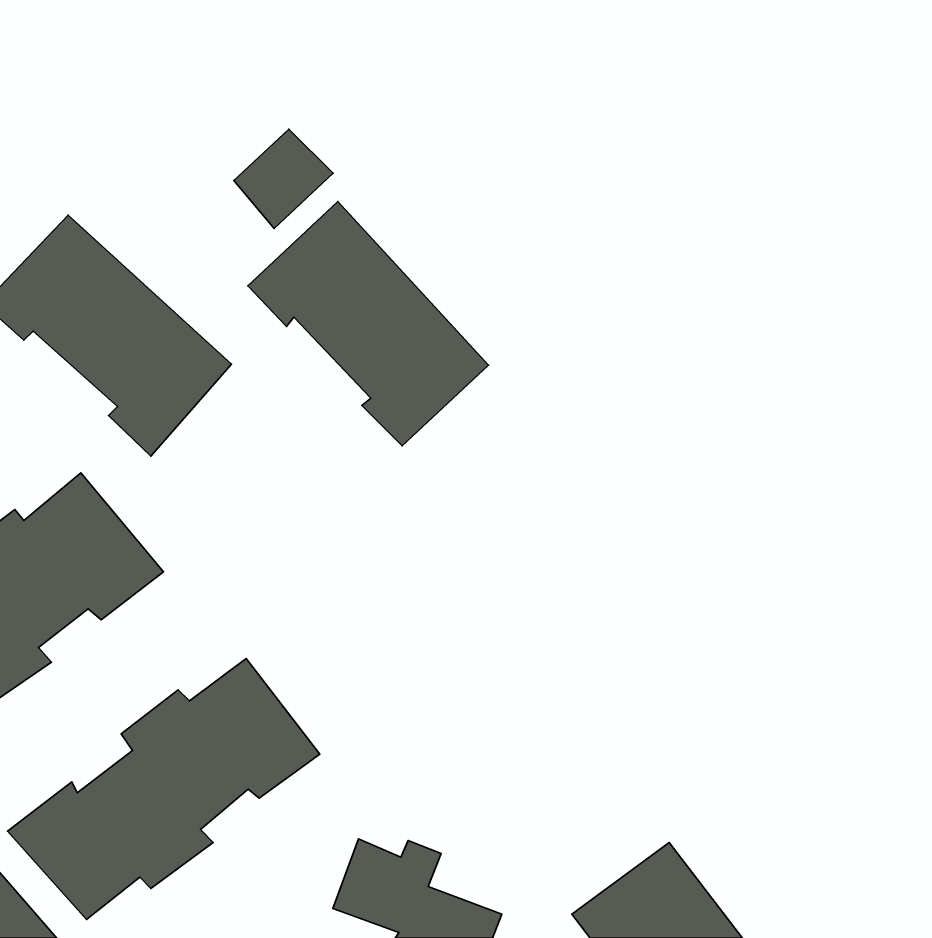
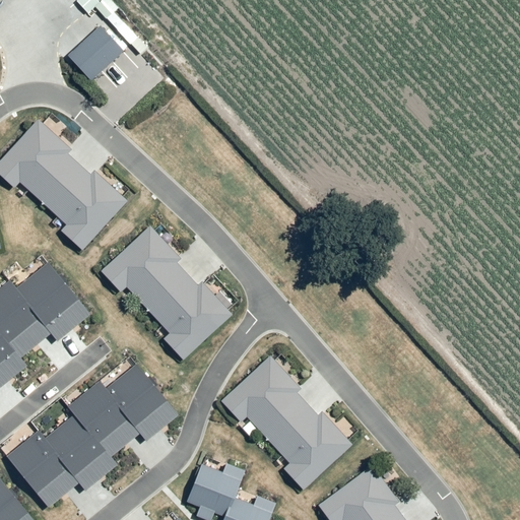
building: [234,129,333,228] -> [68,26,123,81]
building: [248,201,489,446] -> [99,225,232,361]
building: none -> [218,355,351,492]

